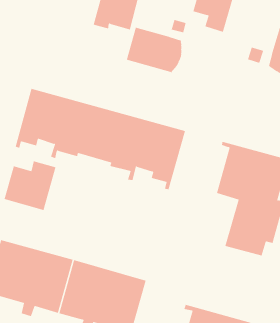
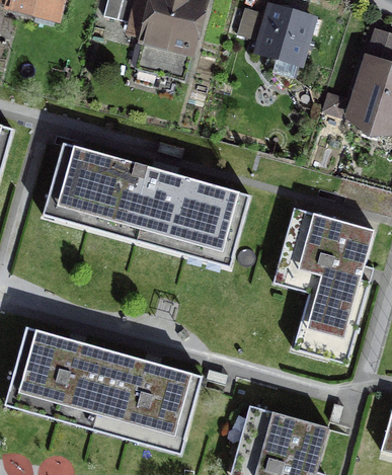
building: [126,19,186,73] -> none
building: [4,161,56,211] -> none

